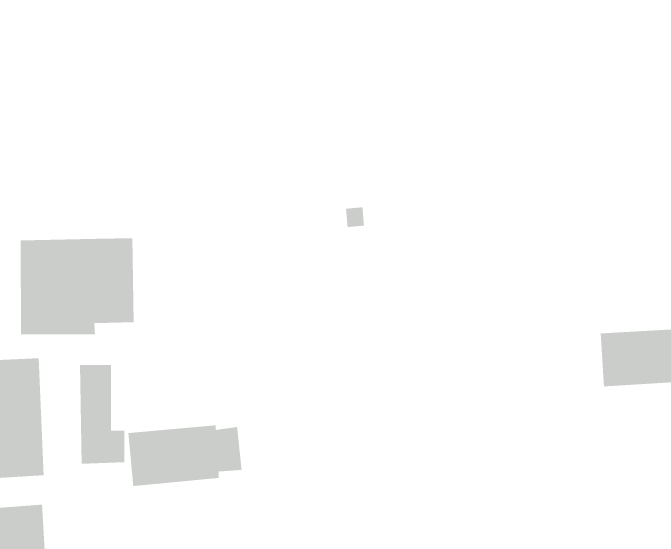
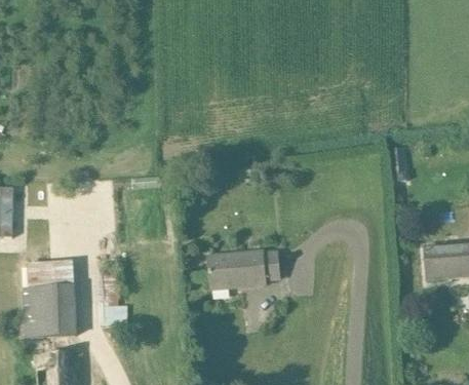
building: [20,238,135,335] -> none
building: [128,424,243,487] -> [207,251,279,290]

